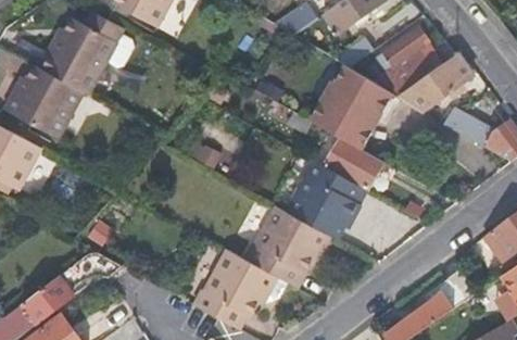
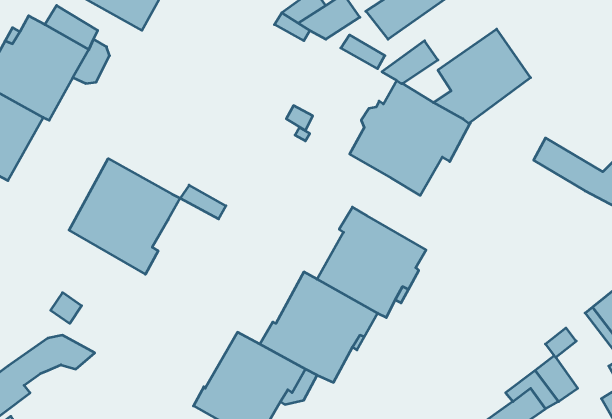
building: [401,54,474,111] -> none
building: none -> [69,159,180,274]
building: [323,137,383,191] -> none

